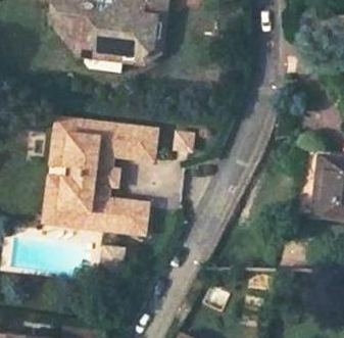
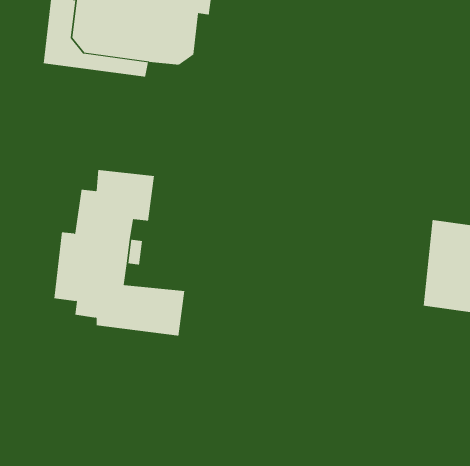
building: [44,117,89,228] -> none
building: [124,127,157,161] -> none

